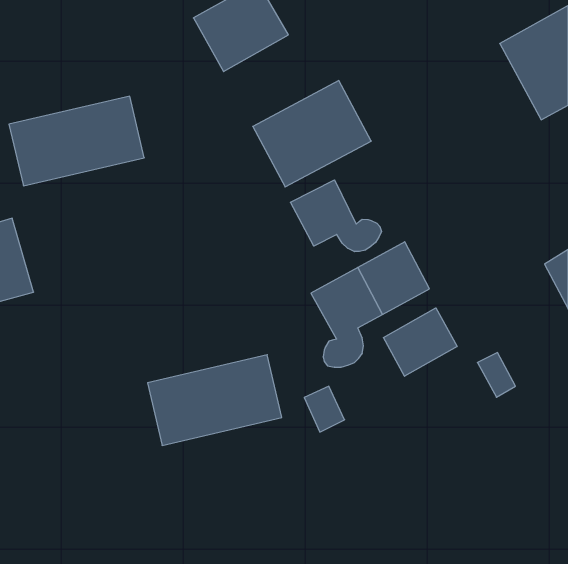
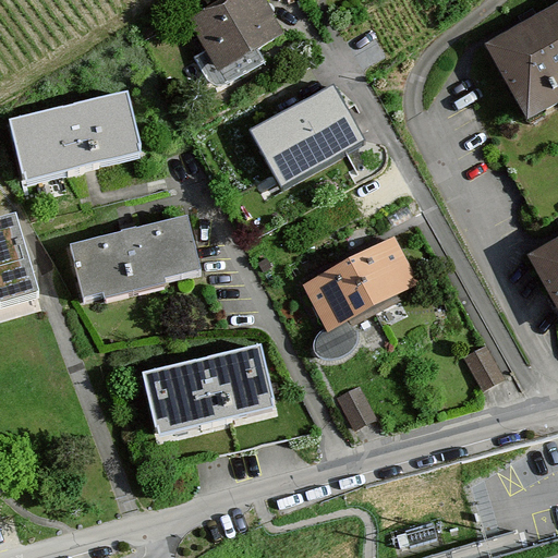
building: [290,180,381,252] -> none
building: none -> [70,217,201,299]
building: [383,308,457,376] -> none
building: [304,386,345,432] -> [337,384,376,428]

